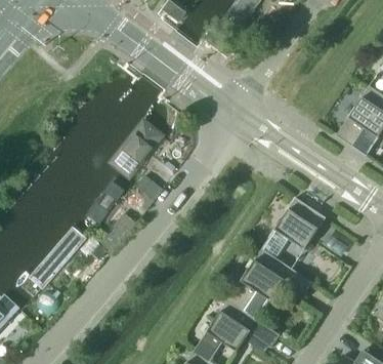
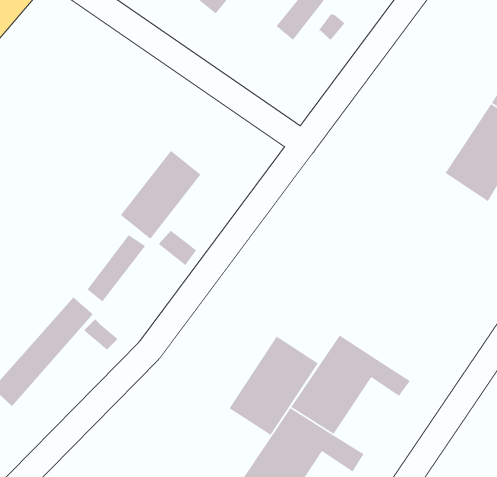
building: [262,197,326,268] -> [229,336,319,436]

